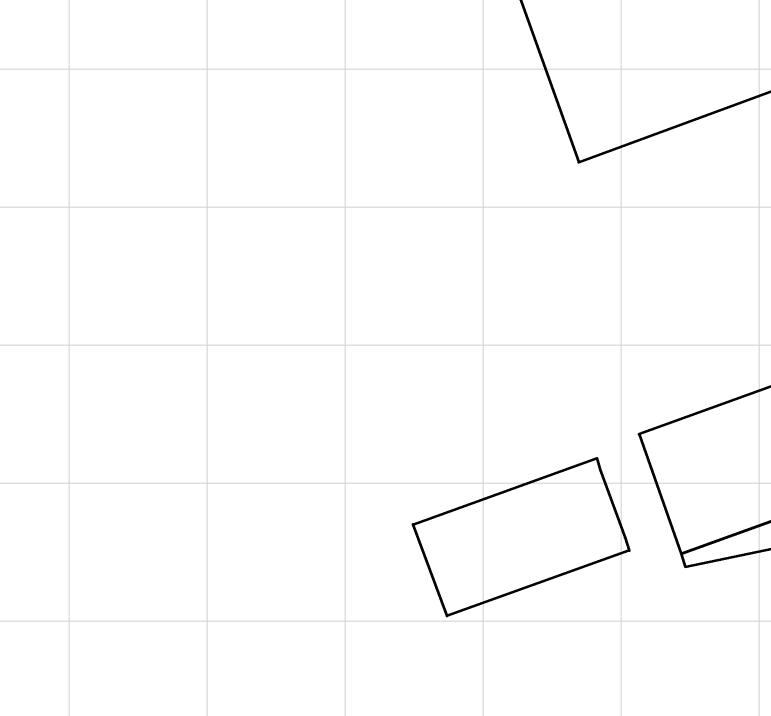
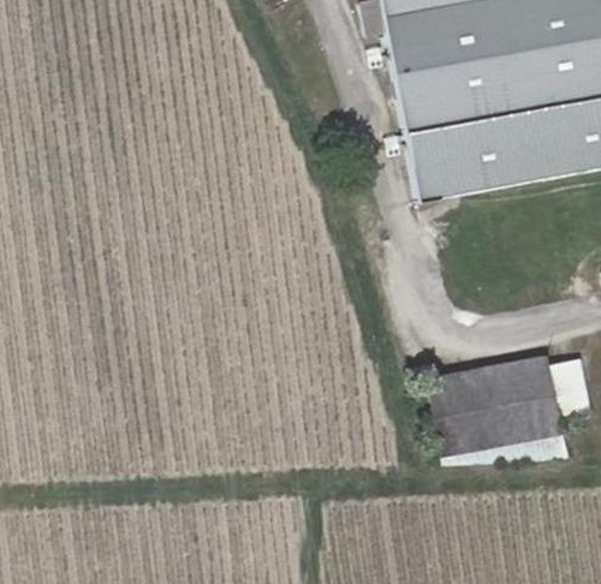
building: [413,458,629,616] -> none

